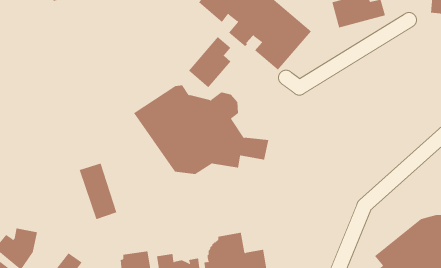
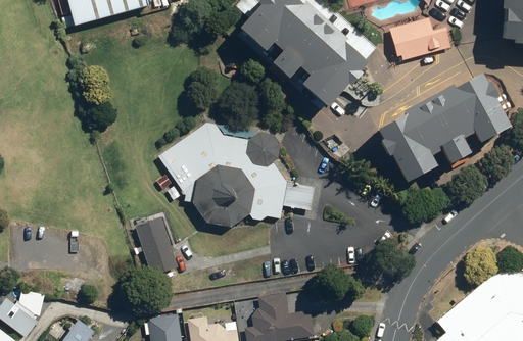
building: [188,36,231,88] -> none
building: none -> [373,72,508,181]
building: [79,163,117,220] -> [137,216,181,282]

